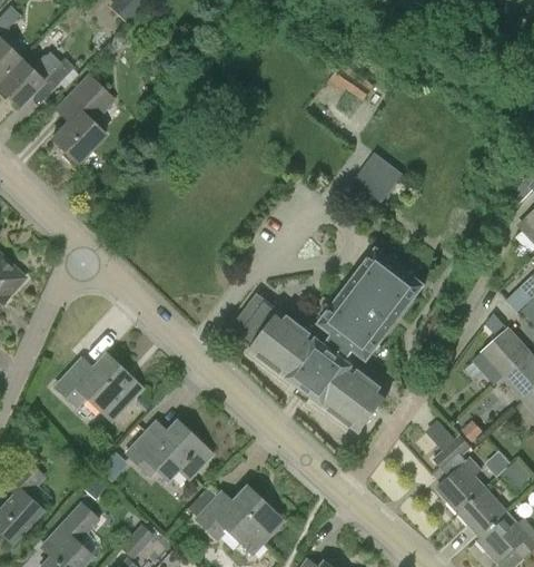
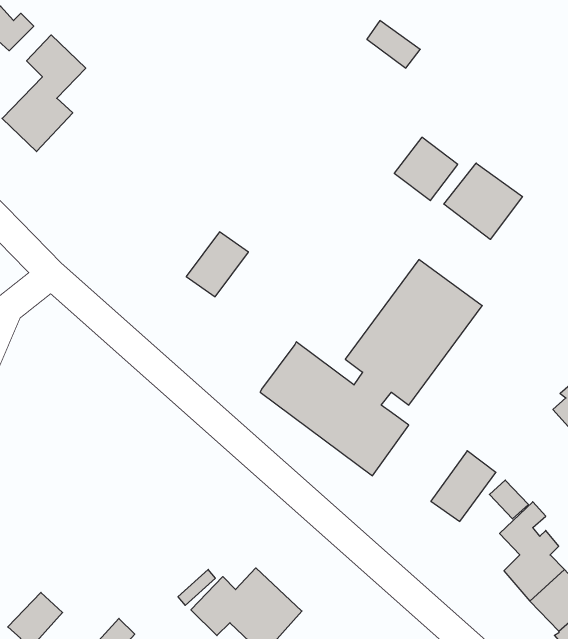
building: none -> [444,163,522,239]
building: [229,299,277,349] -> [186,232,248,297]
building: [56,354,141,421] -> none
building: [337,377,387,431] -> [431,451,496,521]
building: [127,421,211,480] -> none

